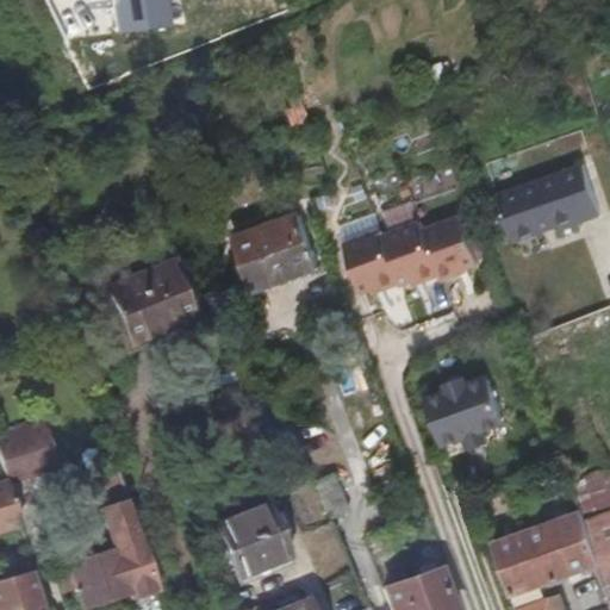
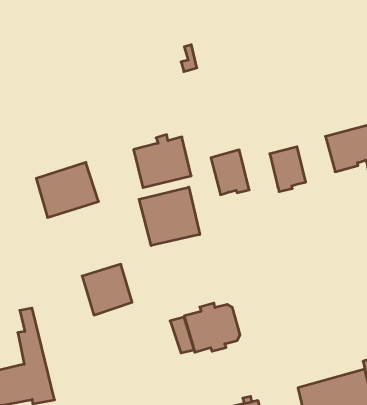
building: [386,217,442,281] -> none
building: none -> [139,187,200,246]
building: [429,372,509,442] -> [184,303,240,352]
building: [214,503,287,577] -> [82,264,132,315]

